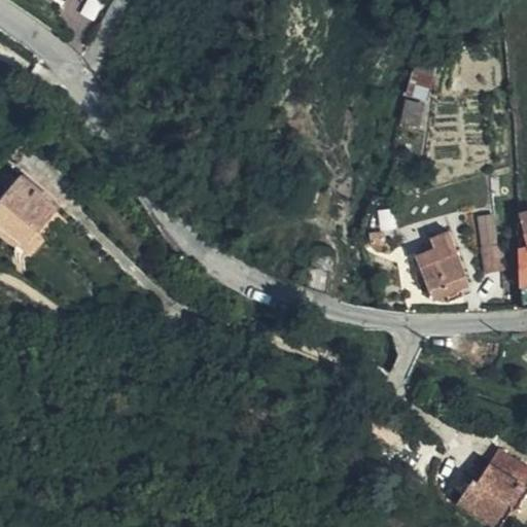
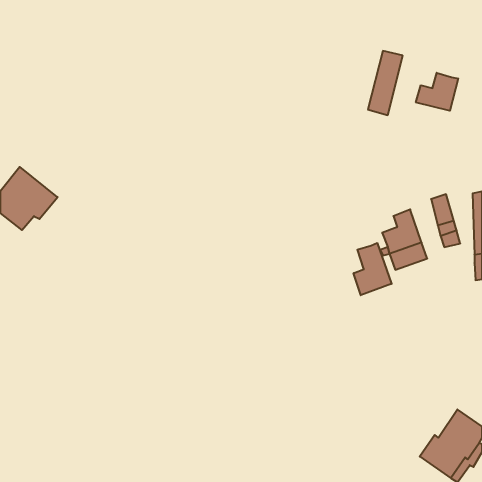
building: none -> [416,73,458,111]
building: none -> [354,243,392,295]

